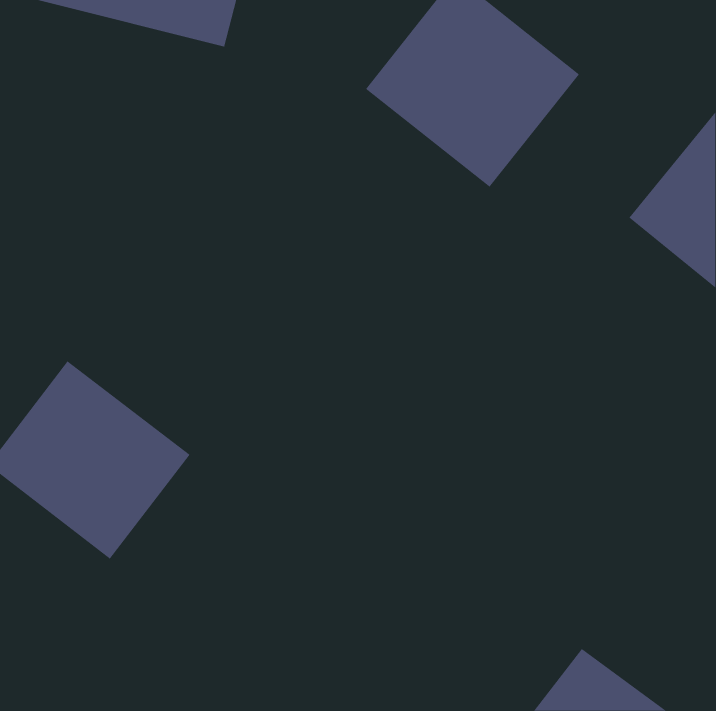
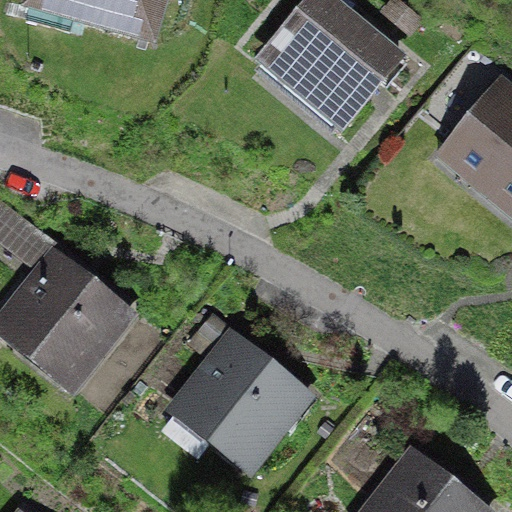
building: none -> [172,337,310,473]

